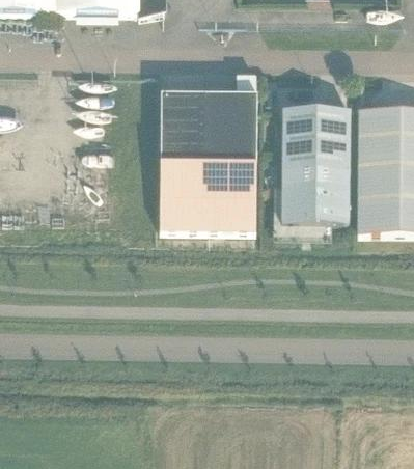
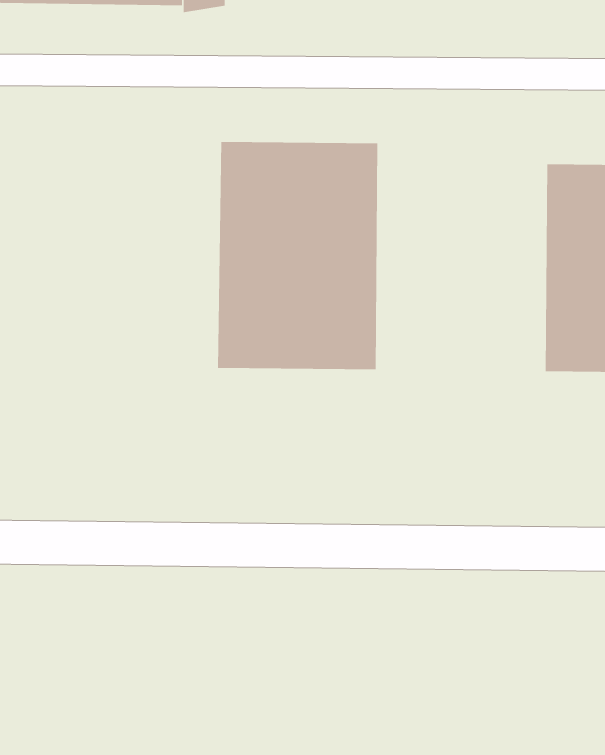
building: [281,107,351,224] -> none

